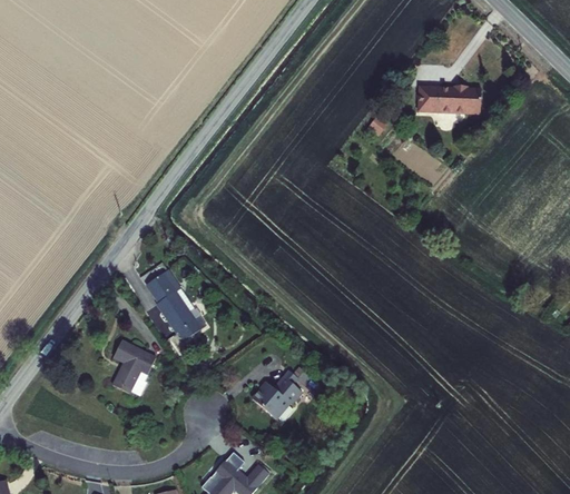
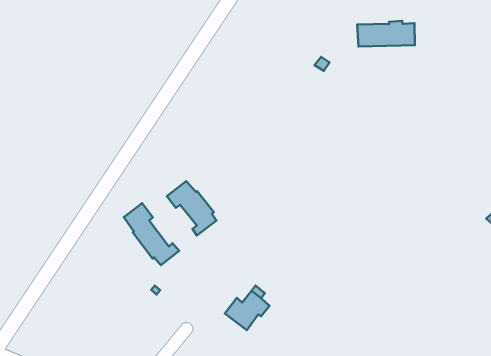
building: none -> [167,181,217,236]
building: [114,340,157,395] -> none

